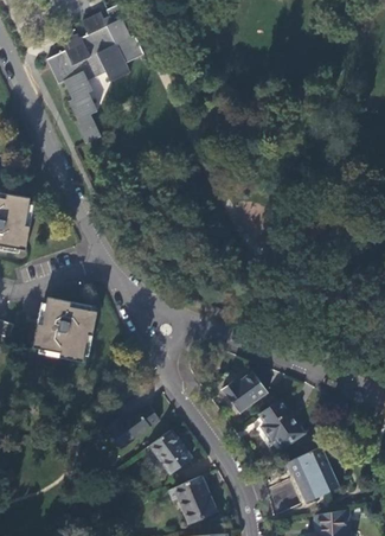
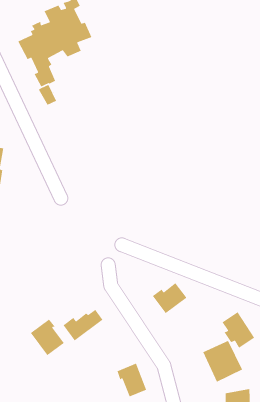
building: [33,298,96,362] -> none
building: [259,400,303,448] -> [222,311,255,349]
building: none -> [30,318,65,356]
building: [149,430,190,473] -> none

